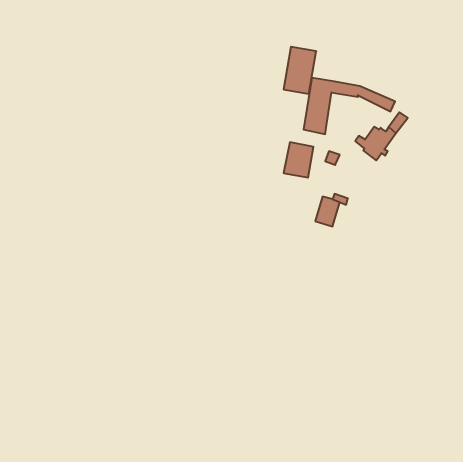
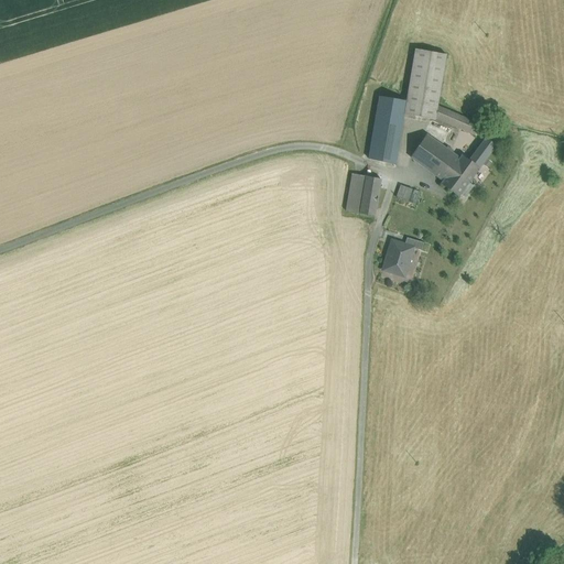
building: [284,47,316,94] -> [406,47,446,105]
building: none -> [411,133,455,172]

